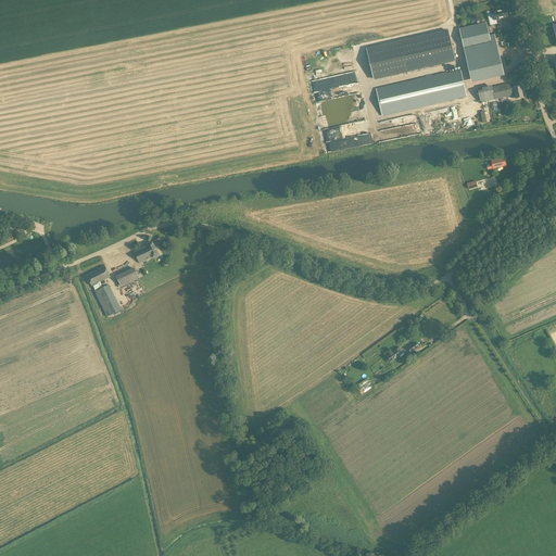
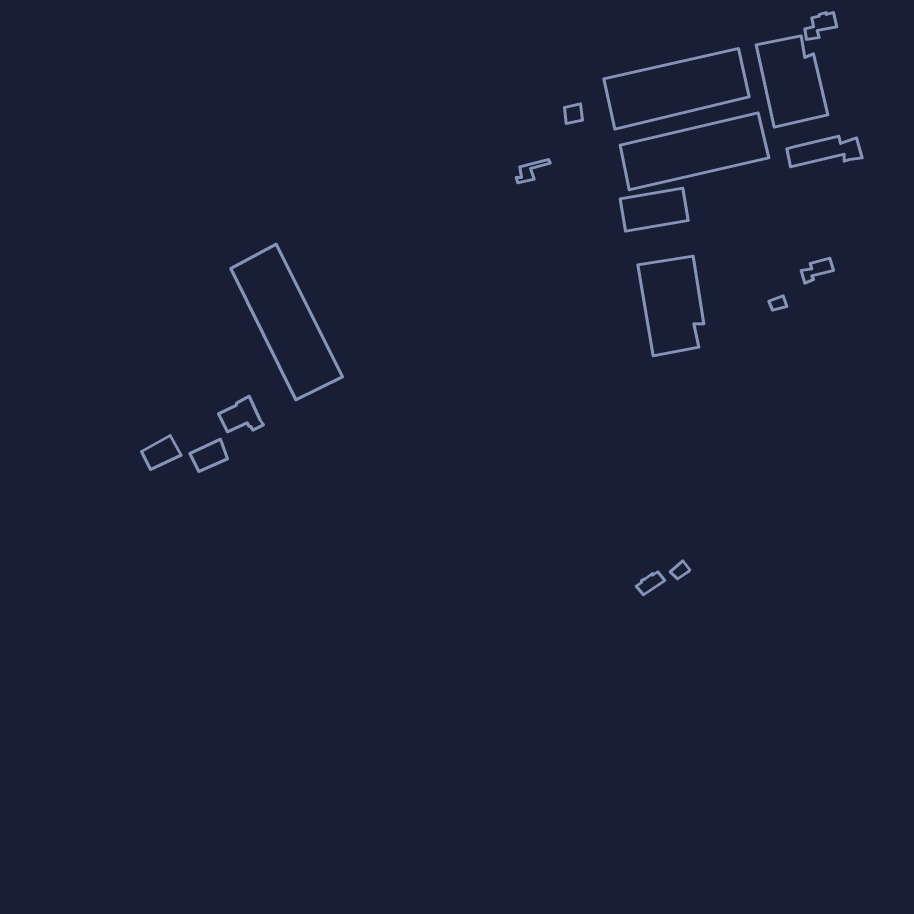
building: none -> [231,244,343,400]
building: none -> [638,256,704,356]
building: [93,283,119,315] -> none

